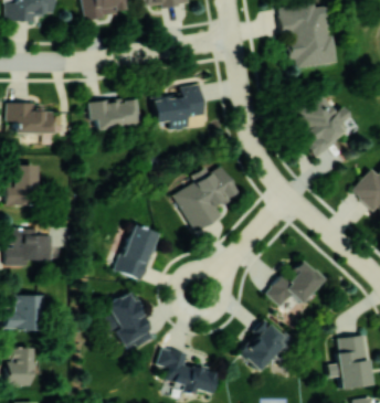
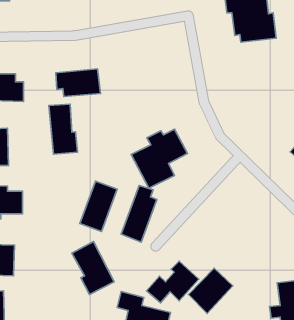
building: [152,85,203,130] -> none
building: [293,93,350,157] -> none
building: none -> [49,104,77,154]
building: none -> [121,186,157,242]
building: [265,261,324,307] -> [147,261,199,303]

